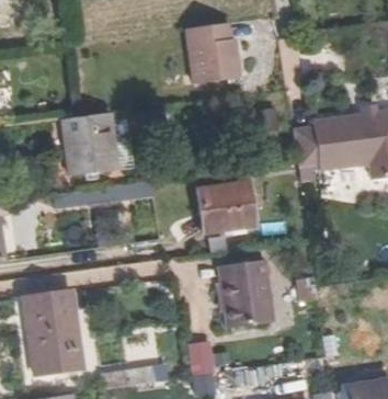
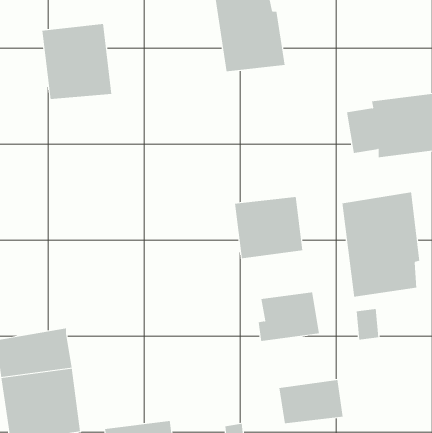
building: [62,114,118,174] -> [42,24,112,100]
building: none -> [342,191,420,298]
building: [224,294,275,329] -> [279,380,344,424]

